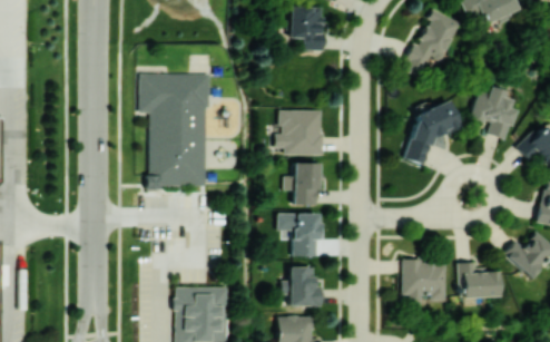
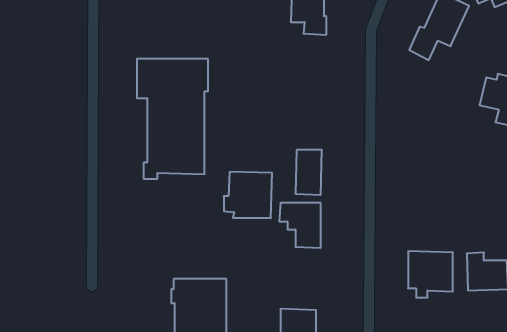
building: [403,98,462,166] -> none
building: [275,109,322,154] -> [224,172,272,218]
building: [289,266,321,305] -> none

